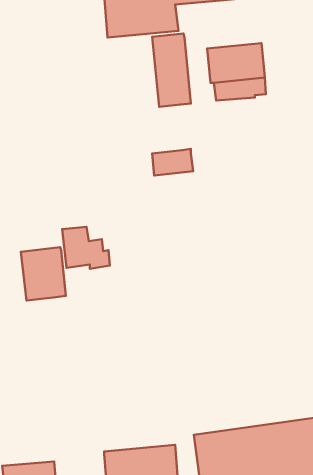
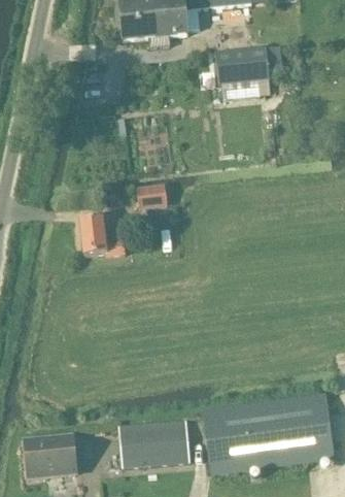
building: [152,33,191,107] -> none
building: [152,149,193,176] -> [137,184,175,208]
building: [21,247,66,301] -> none

